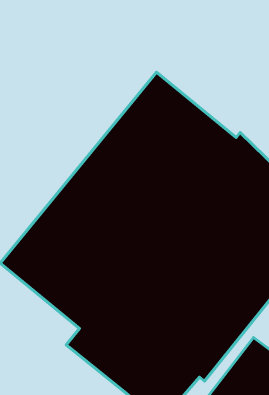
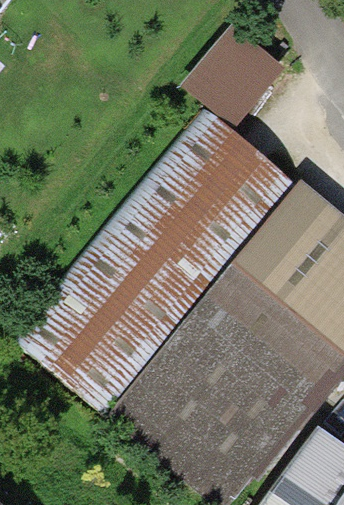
building: none -> [182,22,286,127]

